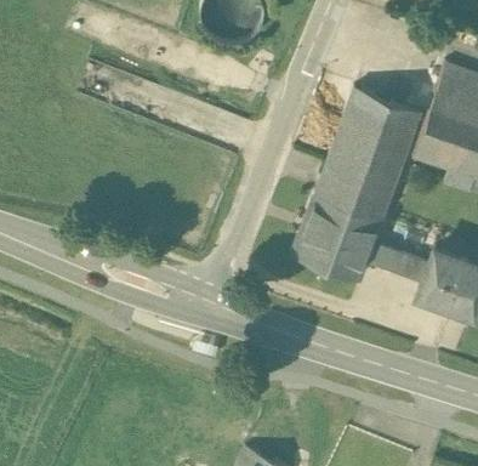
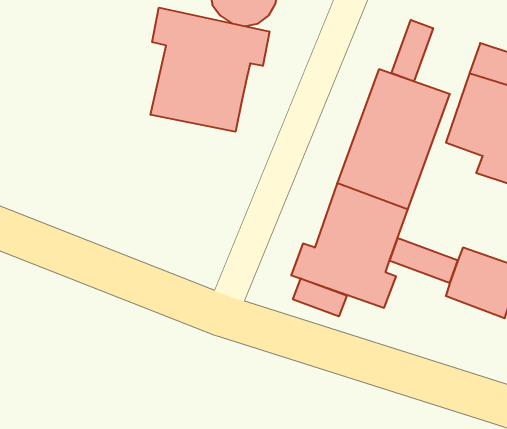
building: none -> [151,8,269,132]
building: none -> [391,20,433,81]
building: none -> [293,278,347,316]

